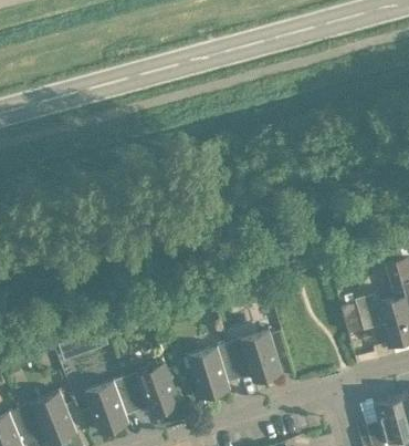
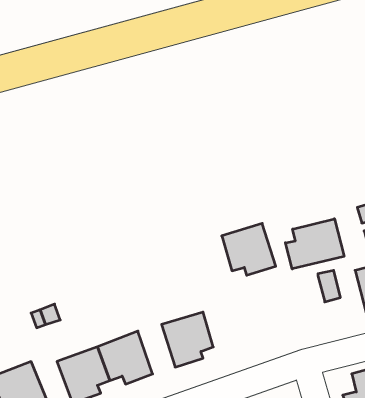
building: none -> [285,219,344,269]
building: [229,331,282,382] -> [222,223,276,275]

